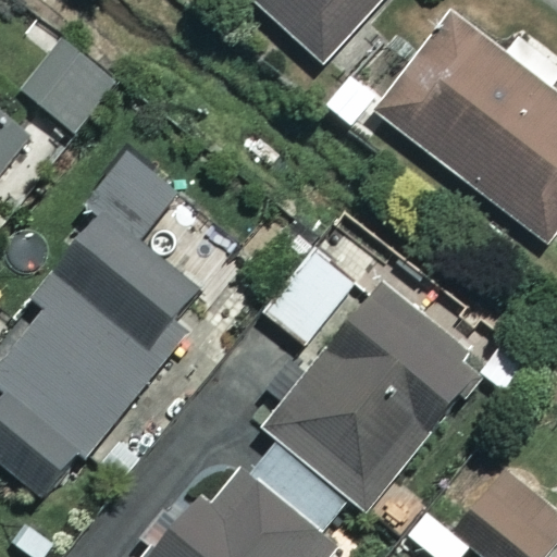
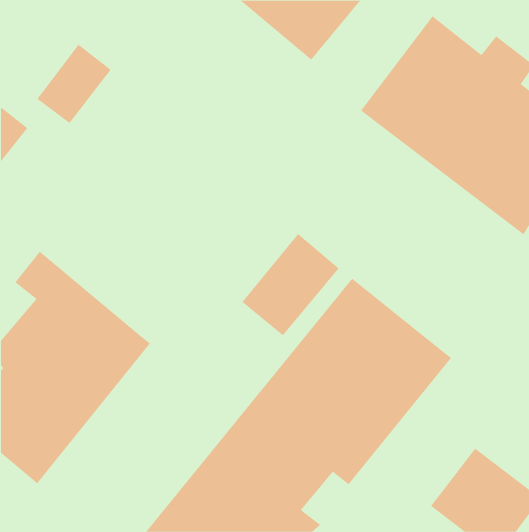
building: [45,153,206,351] -> none

